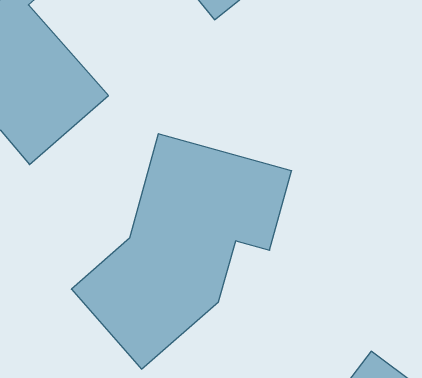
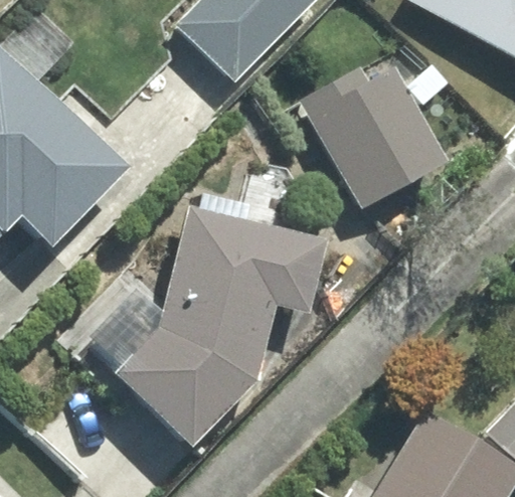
building: none -> [309,61,445,205]

